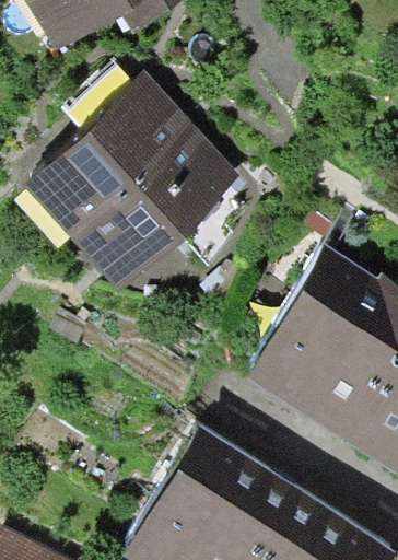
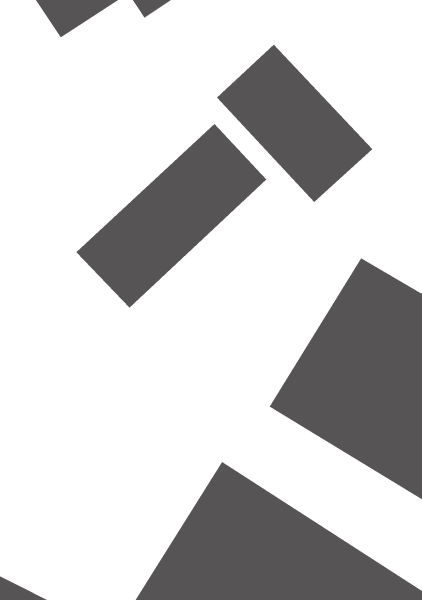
building: none -> [216,44,373,203]
building: [22,71,196,240] -> none

